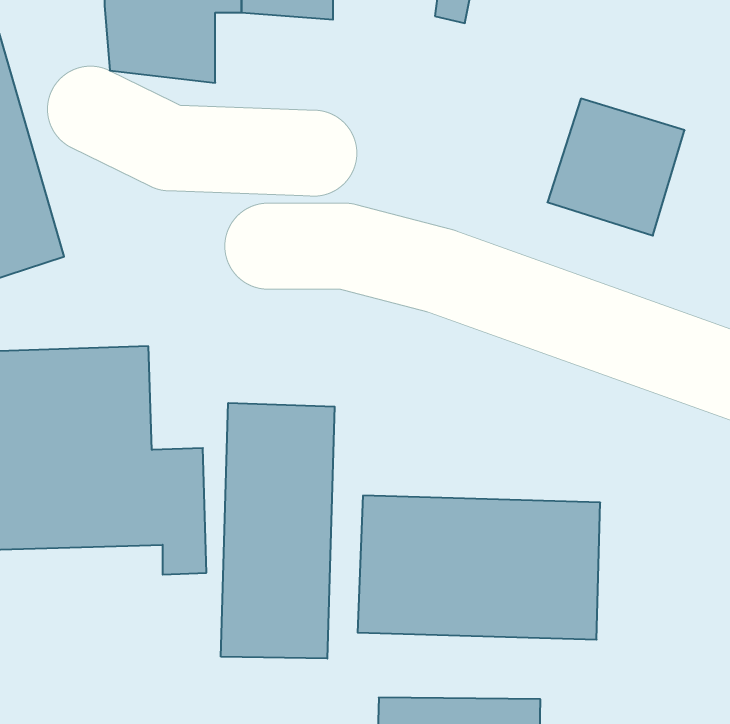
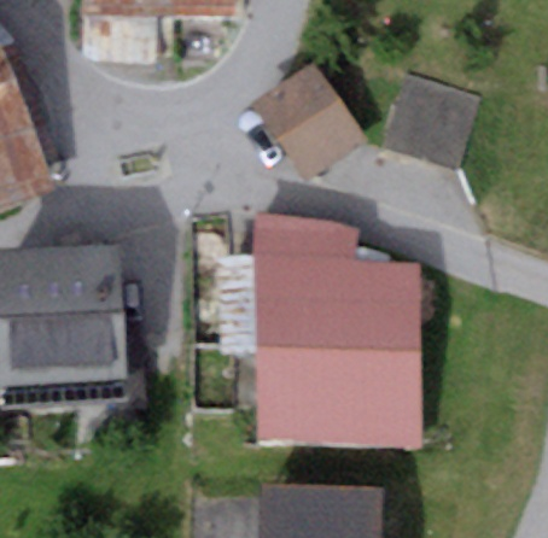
building: none -> [255,63,366,177]
building: none -> [256,211,419,352]
building: [221,403,335,659] -> none

